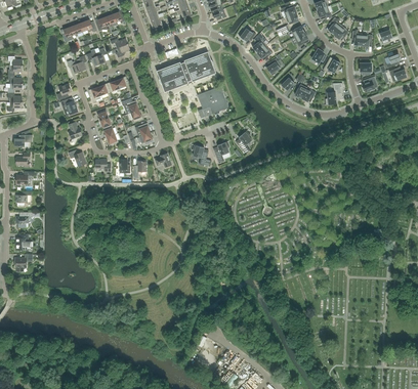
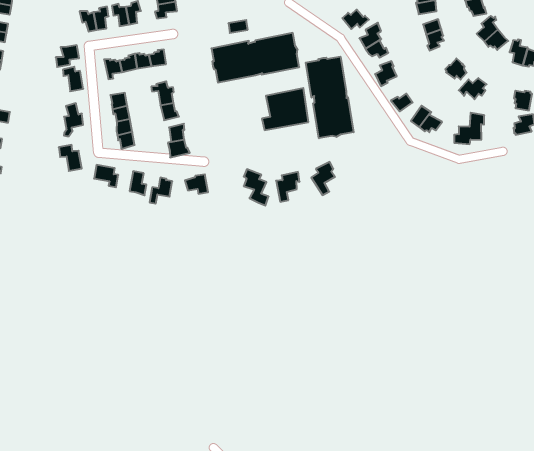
building: none -> [306,57,354,138]

